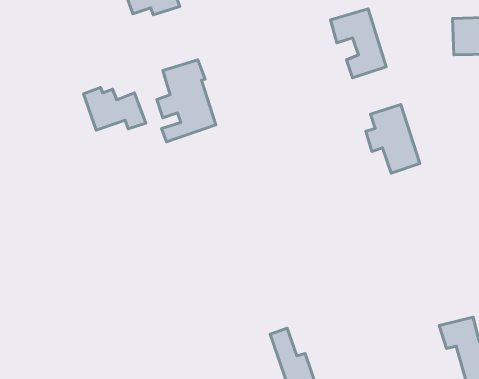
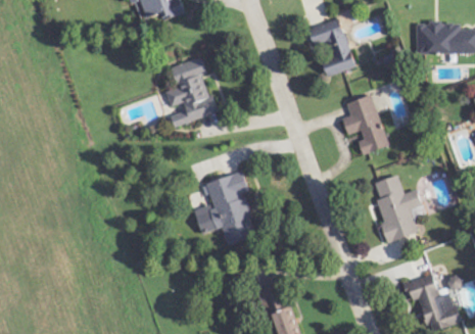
building: [84,88,146,130] -> none
building: none -> [194,173,255,245]
building: none -> [374,176,421,242]

